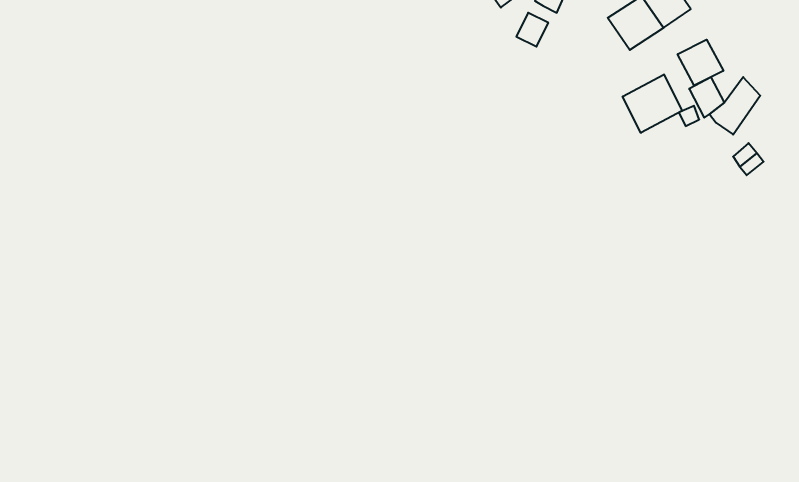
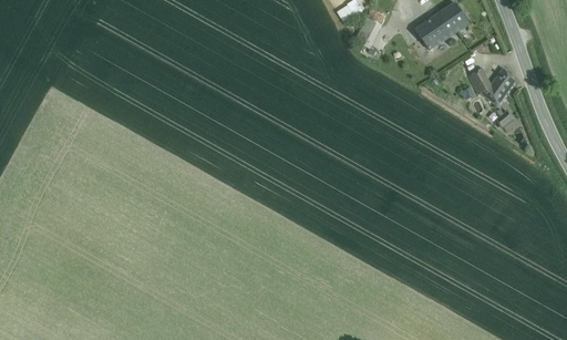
building: [678,40,723,85] -> none
building: [623,74,682,133] -> none

